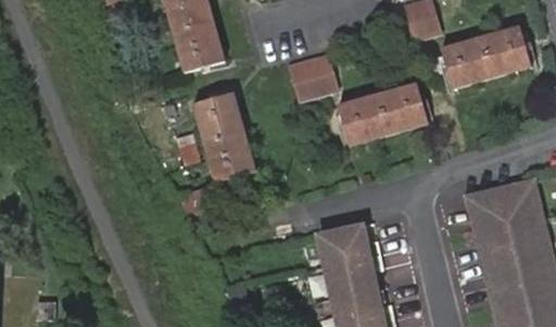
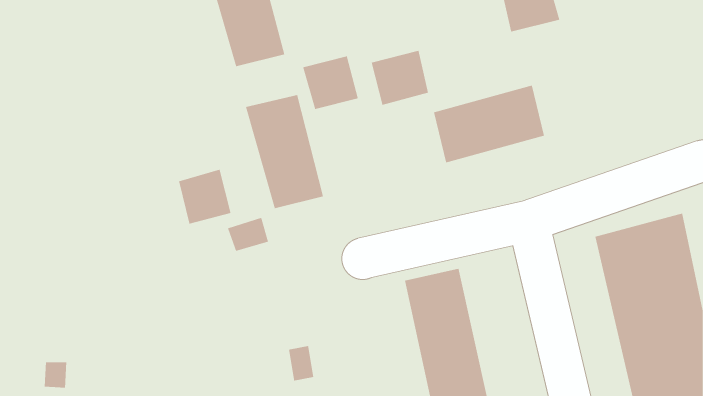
building: [443,32,533,87] -> none
building: none -> [303,55,358,110]
building: none -> [178,169,231,224]

